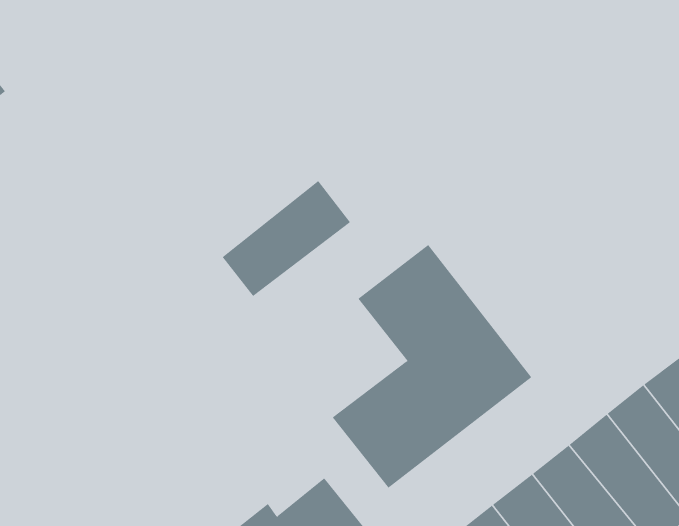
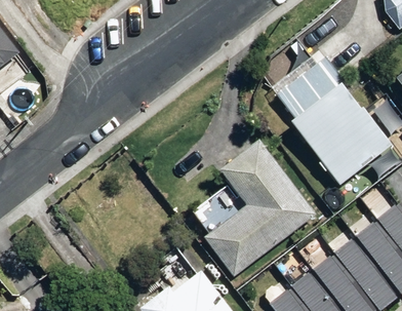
building: none -> [278,56,390,185]
building: [222,180,351,297] -> none

